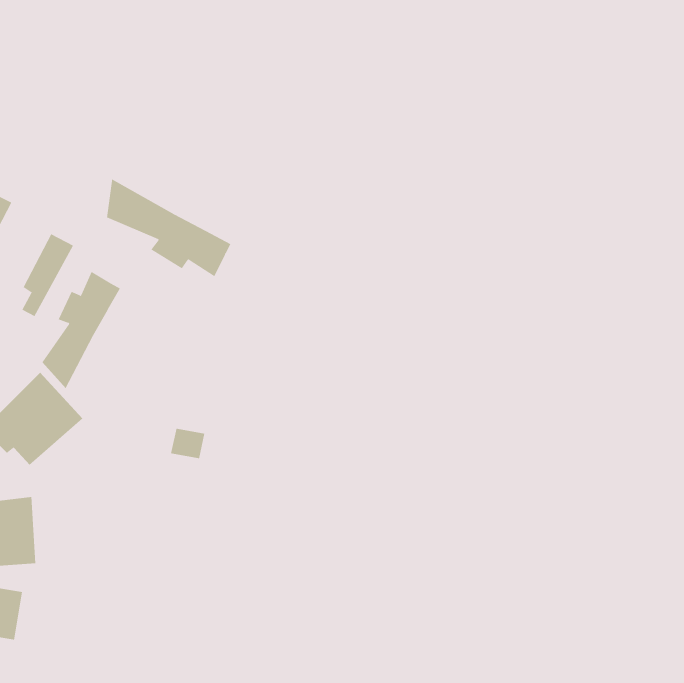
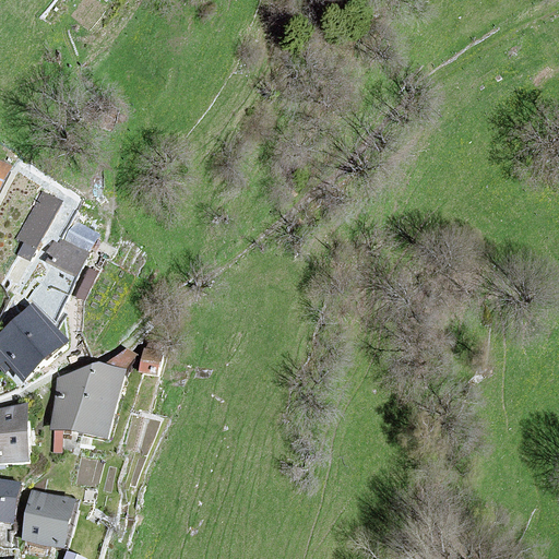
building: [107,179,231,277] -> none
building: none -> [53,364,124,436]
building: none -> [23,490,74,546]

